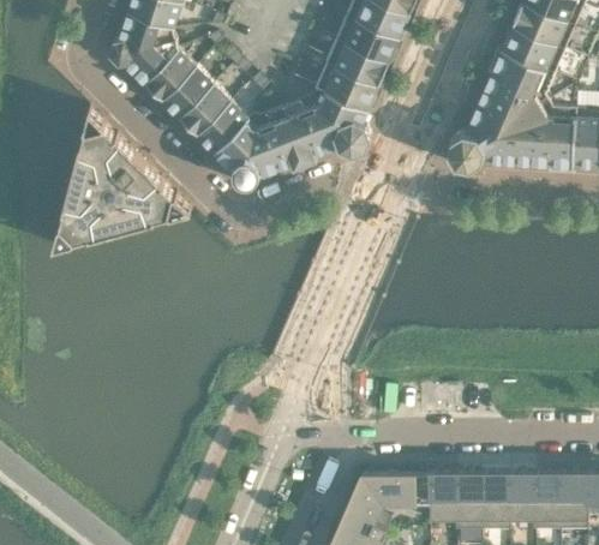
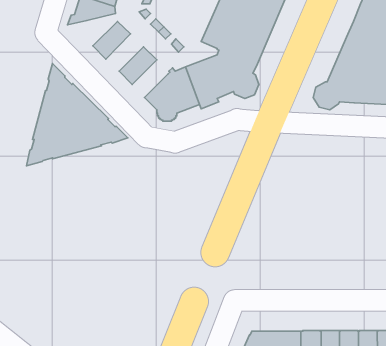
building: [108,38,176,83] -> none
building: [161,66,212,118] -> none
building: [197,102,248,154] -> none

